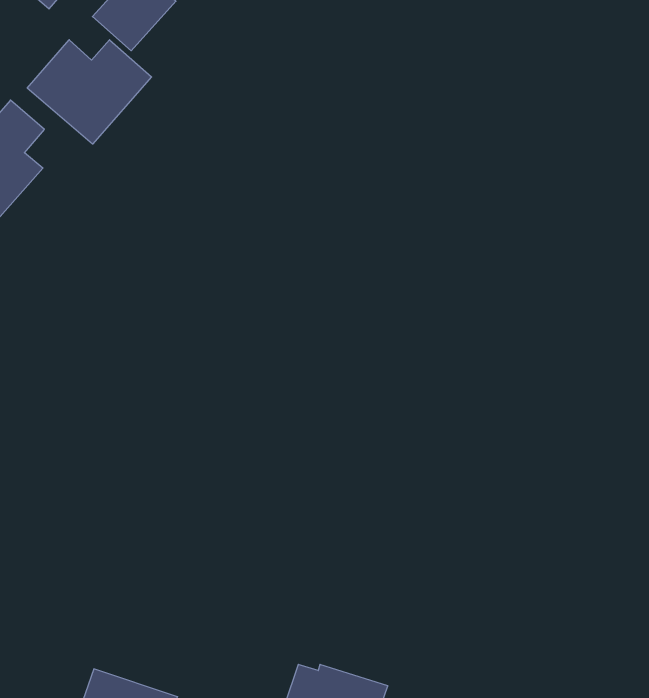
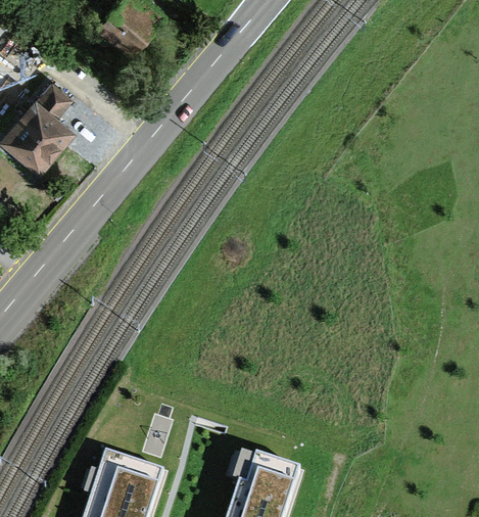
building: [27,40,152,144] -> none

